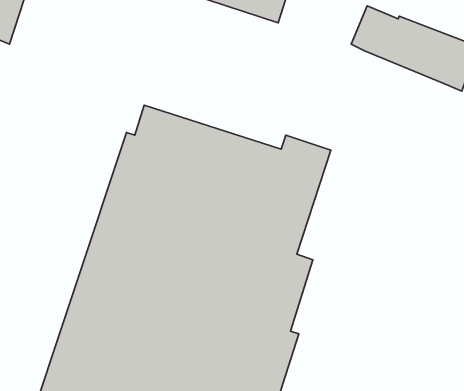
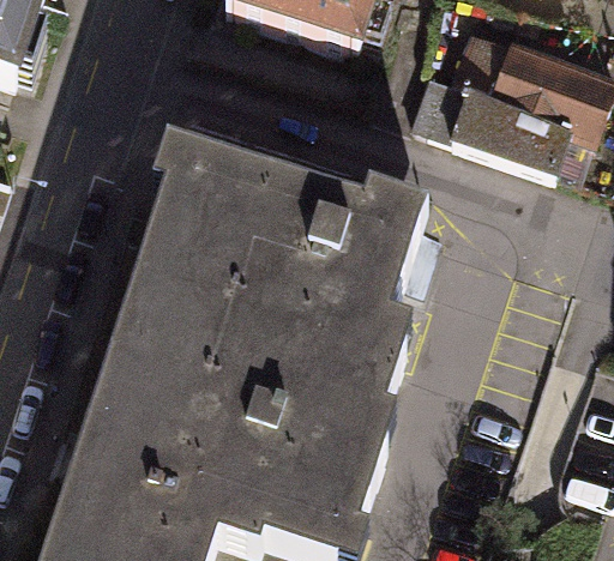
building: none -> [449,89,566,174]

